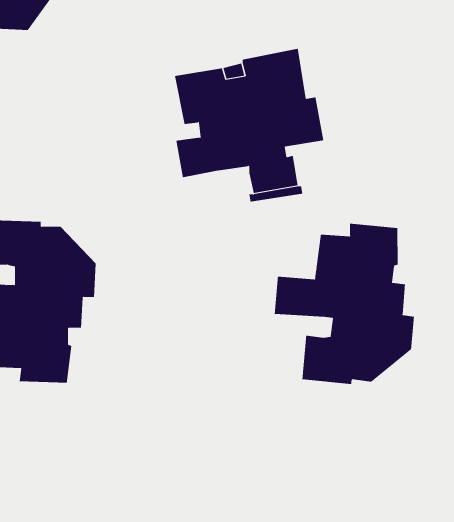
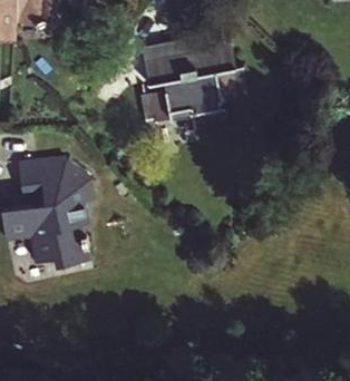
building: [274,223,414,385] -> none

